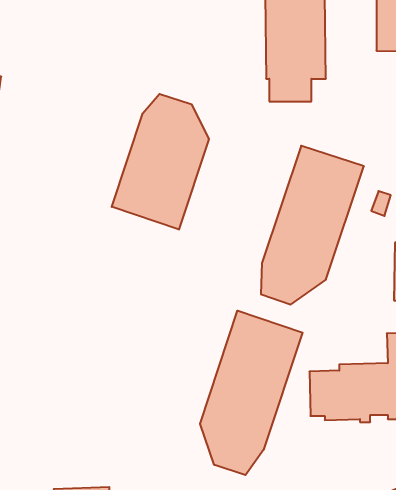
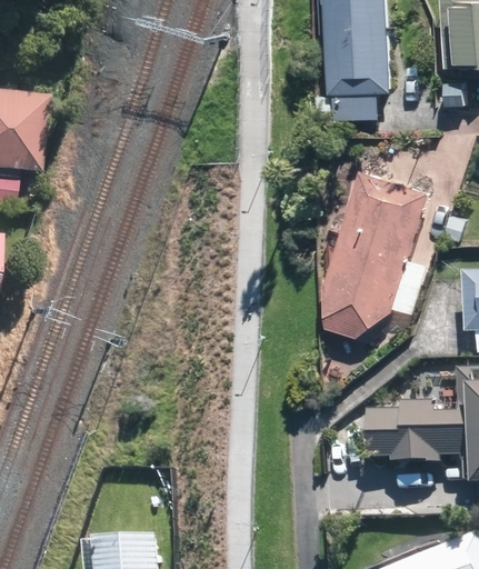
building: [112,94,209,230] -> none
building: [200,311,303,475] -> none

